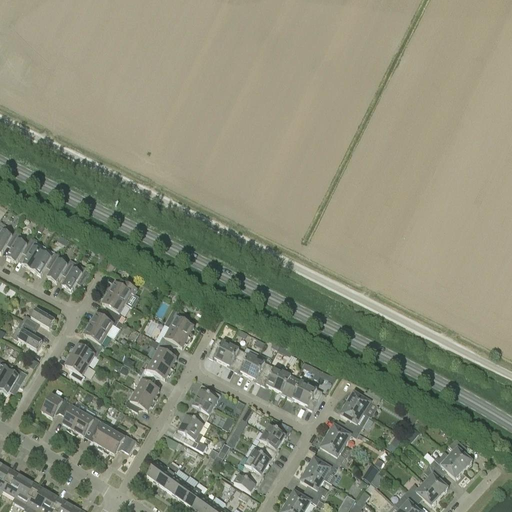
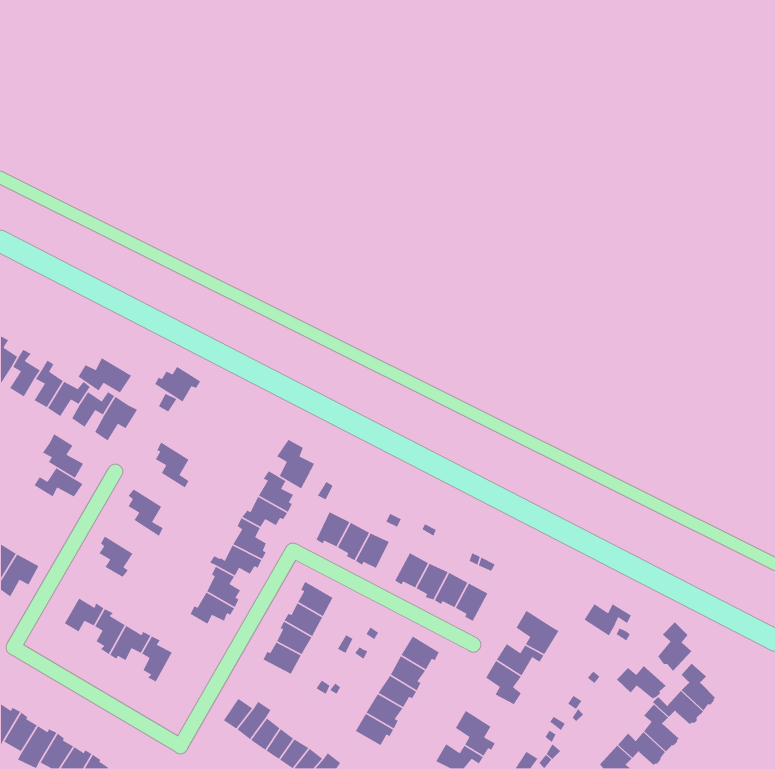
building: none -> [78,357,132,393]
building: [106,279,137,303] -> [154,366,201,402]
building: none -> [276,439,315,489]
building: [88,312,122,334] -> none
building: [14,320,42,350] -> [42,433,84,479]
building: [69,343,105,365] -> none
building: [248,352,272,383] -> none
building: [347,391,379,413] -> [583,603,632,636]
building: none -> [657,622,692,672]
building: [103,430,136,454] -> none
building: none -> [616,665,666,700]
building: [307,457,339,479] -> none

